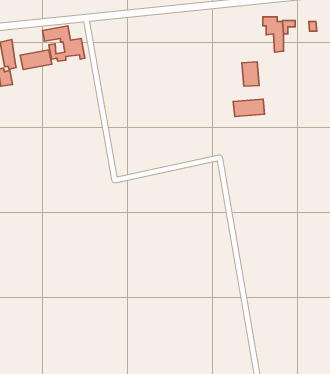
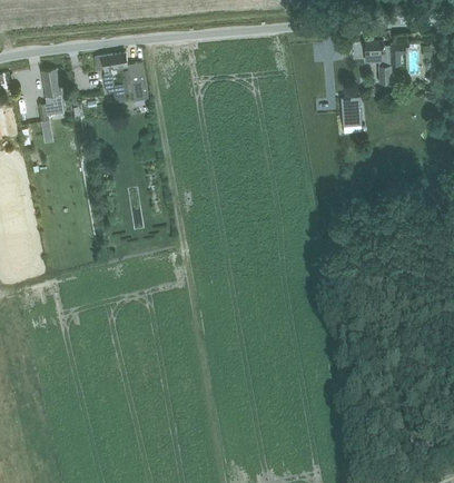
building: [20,50,52,69] -> none
building: [233,99,265,116] -> none

